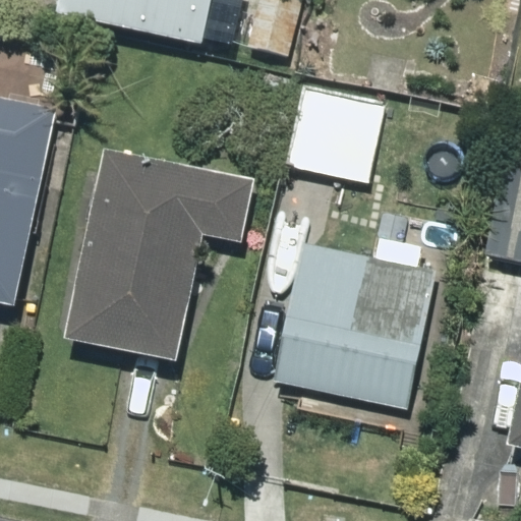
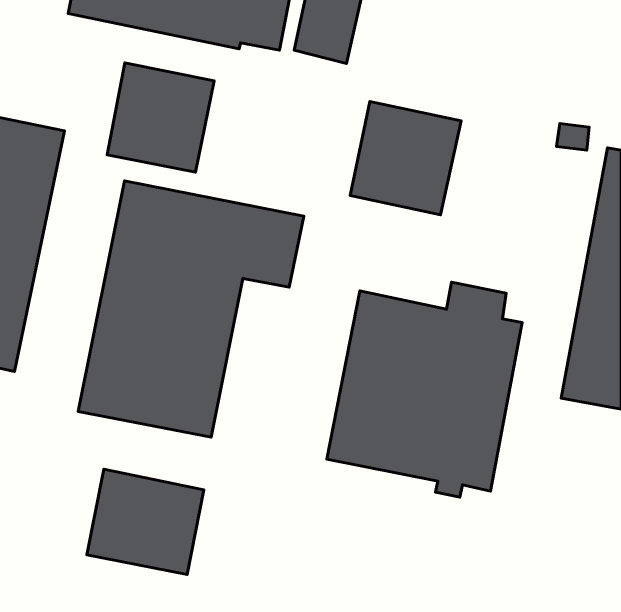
building: none -> [107,63,214,172]
building: none -> [87,469,204,574]

